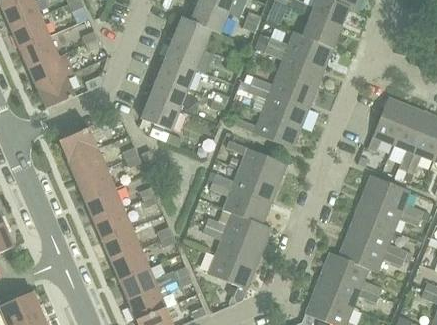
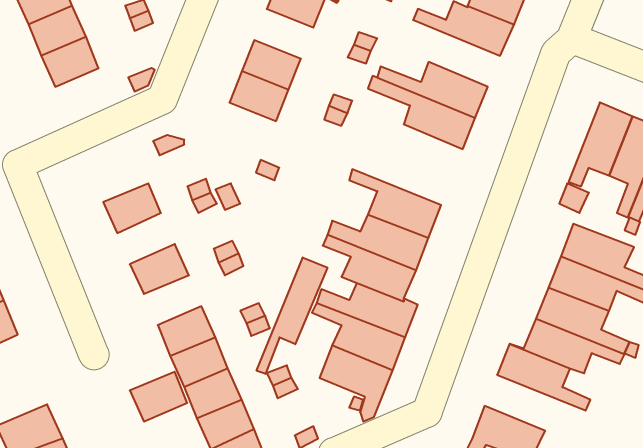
building: [165,37,203,69] -> none
building: [253,40,323,87] -> none
building: [37,75,74,108] -> none
building: [138,97,179,137] -> none
building: [234,111,299,147] -> none
building: [59,128,97,161] -> none
building: [77,168,114,201] -> none
building: none -> [257,257,327,374]
building: [94,208,131,240] -> [130,372,187,421]
building: [313,272,378,308] -> none

